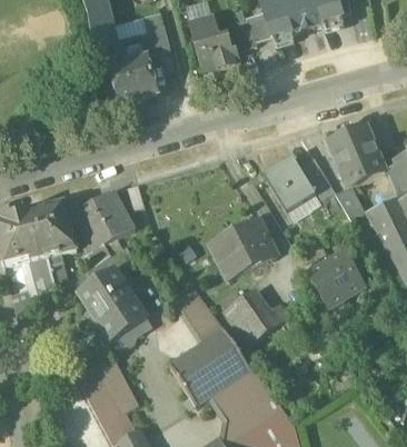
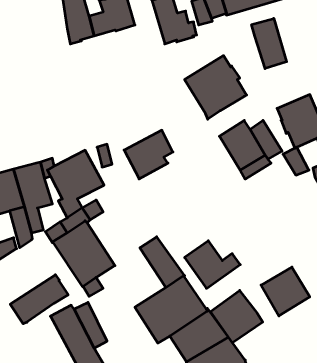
building: none -> [252,18,287,69]
building: [109,53,159,102] -> none
building: none -> [185,56,247,119]
building: [216,222,270,277] -> [124,130,173,179]
building: [309,250,364,305] -> [261,267,310,316]
building: none -> [10,275,68,324]
building: none -> [210,290,263,343]

